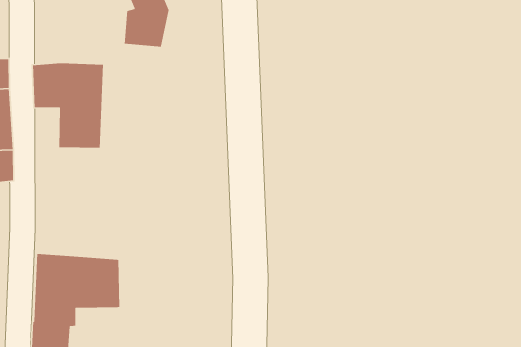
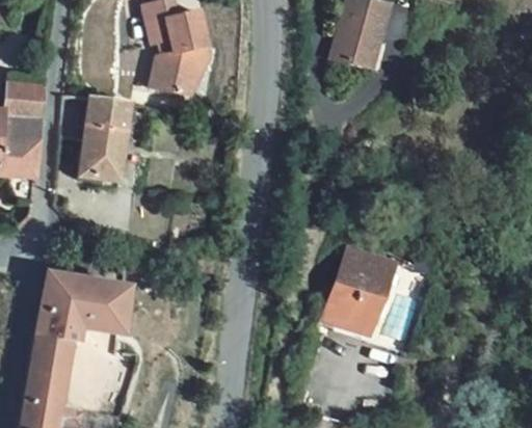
building: none -> [324,246,395,335]

